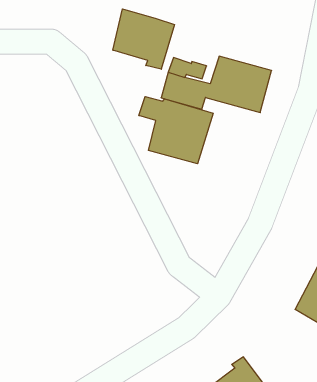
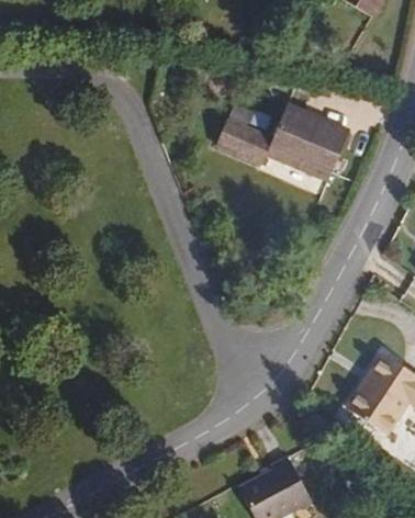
building: [113,9,174,69] -> none
building: [139,97,213,164] -> none

